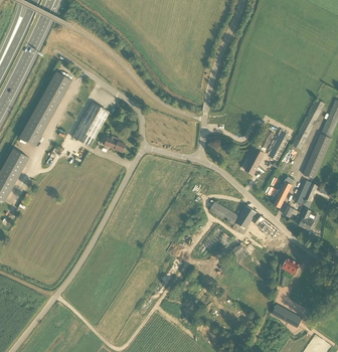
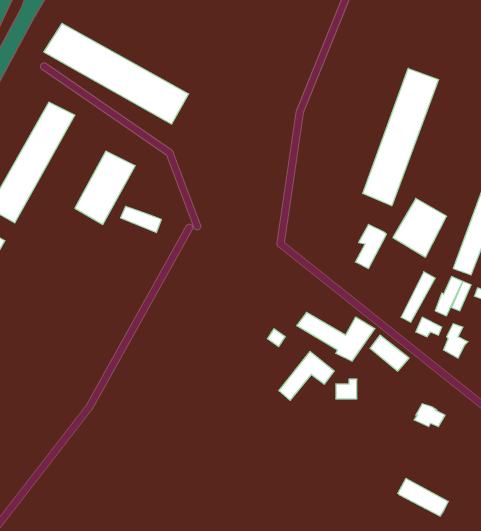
building: none -> [44,23,189,124]
building: none -> [363,68,438,206]

